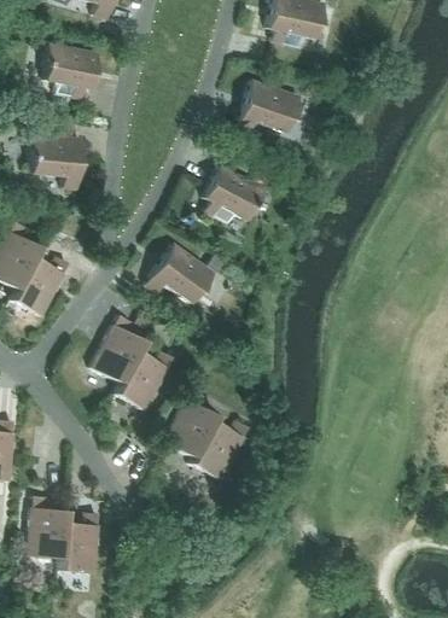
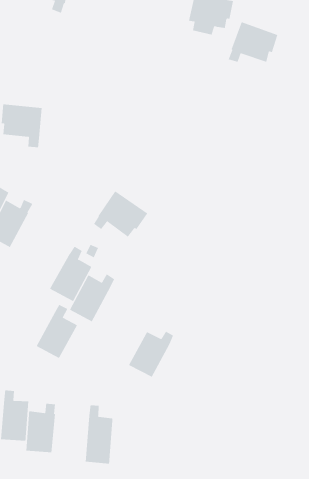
building: [42,42,97,98] -> none
building: [235,80,299,132] -> [228,21,278,62]
building: [203,165,264,223] -> none
building: [163,389,216,464] -> [36,304,78,363]
building: none -> [85,405,113,465]

